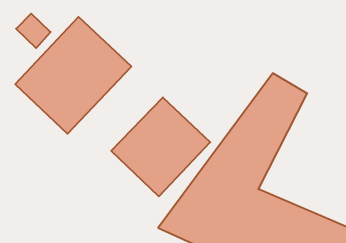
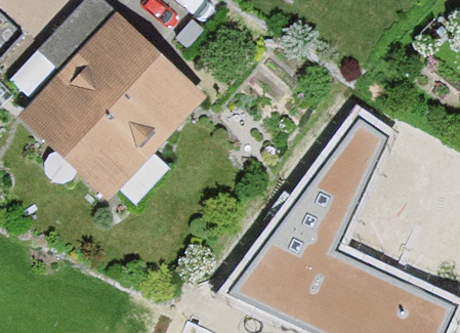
building: [111,97,210,196] -> none

